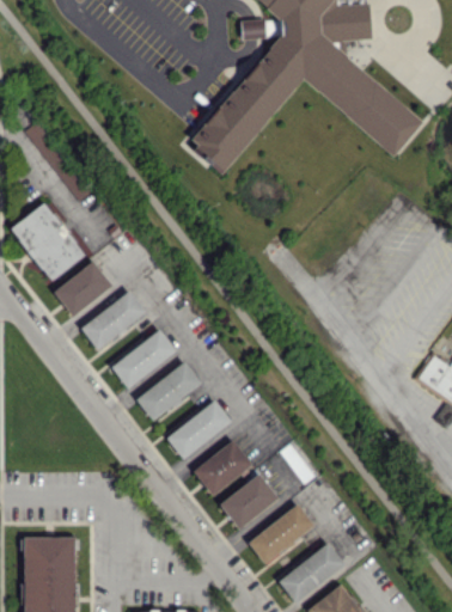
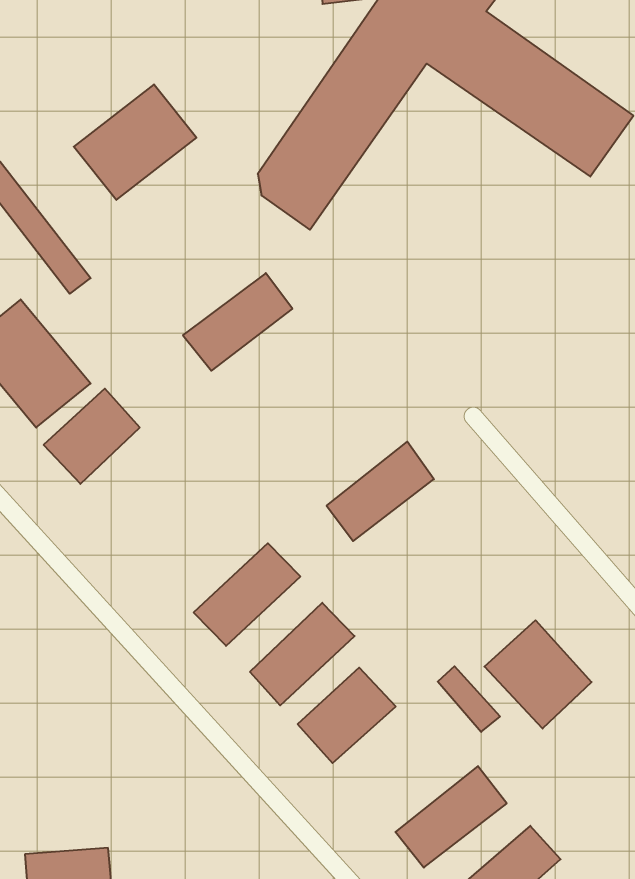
building: none -> [74,84,196,200]
building: [79,292,146,348] -> [183,273,292,371]
building: [110,330,176,387] -> [327,442,434,541]
building: none -> [484,620,592,729]
building: [219,475,279,528] -> none

